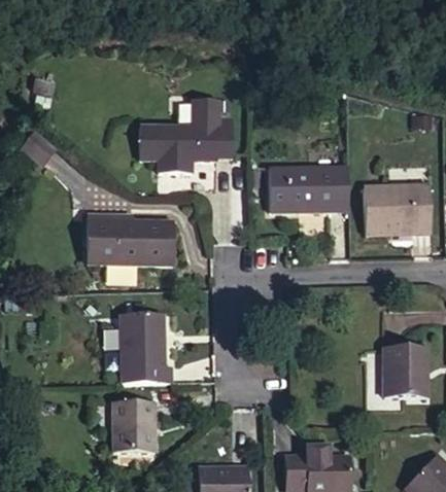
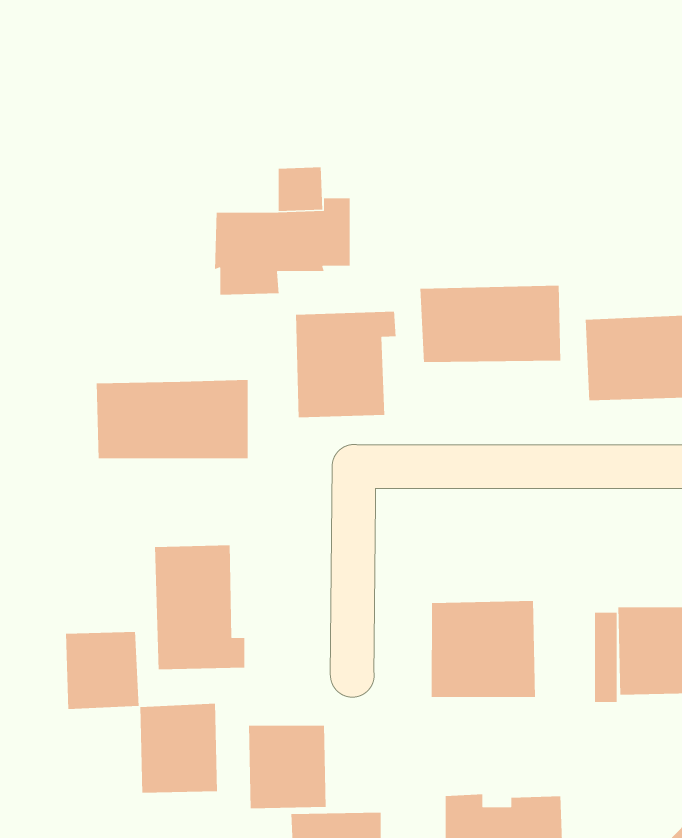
building: none -> [295,311,397,418]
building: none -> [431,600,536,698]
building: none -> [65,631,140,710]
building: none -> [248,725,326,809]

